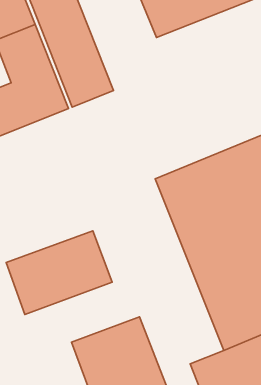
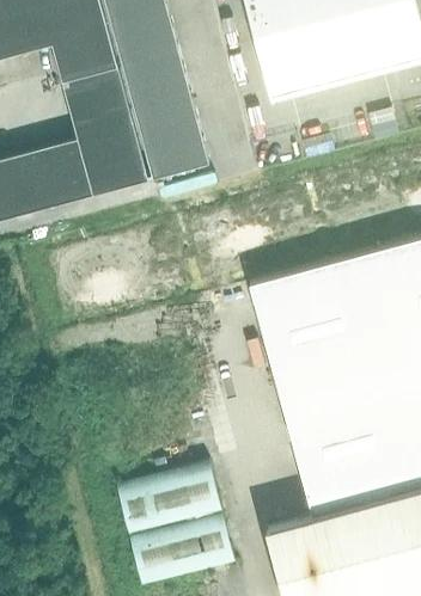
building: [6,231,112,315] -> none

